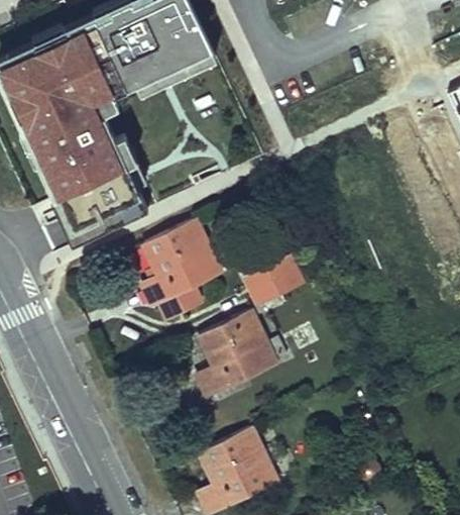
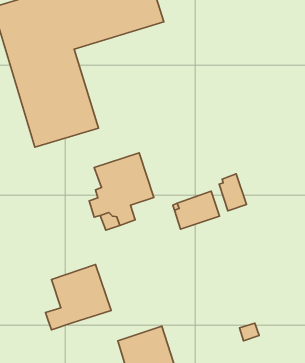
building: none -> [219,174,246,211]
building: [198,309,277,396] -> [45,265,111,330]

